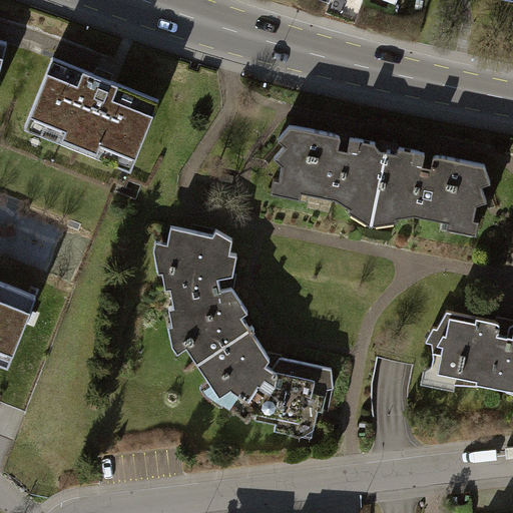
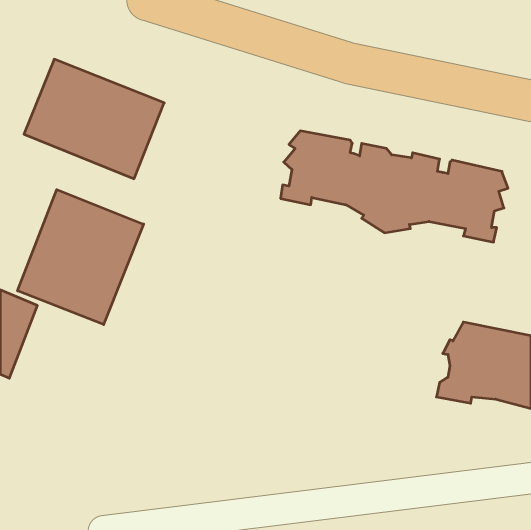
building: none -> [18,190,144,325]
building: [153,227,334,439] -> none

